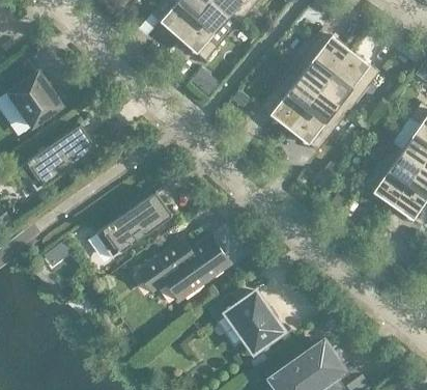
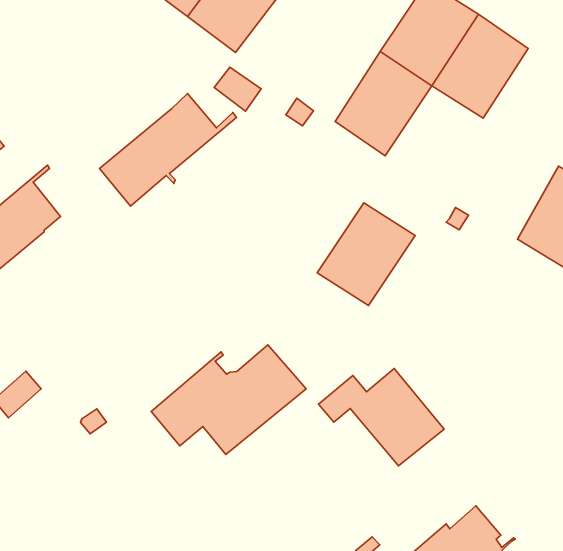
building: [288,89,348,150] -> [317,203,415,305]
building: [95,193,179,257] -> [99,93,237,206]
building: [208,291,282,350] -> [319,369,444,466]

